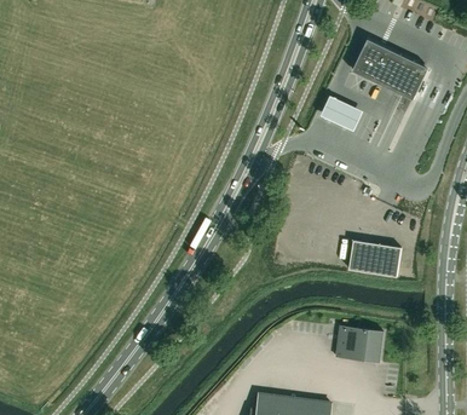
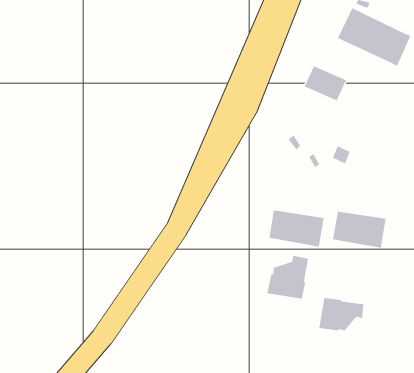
building: none -> [269,209,324,247]
building: none -> [267,254,310,300]

